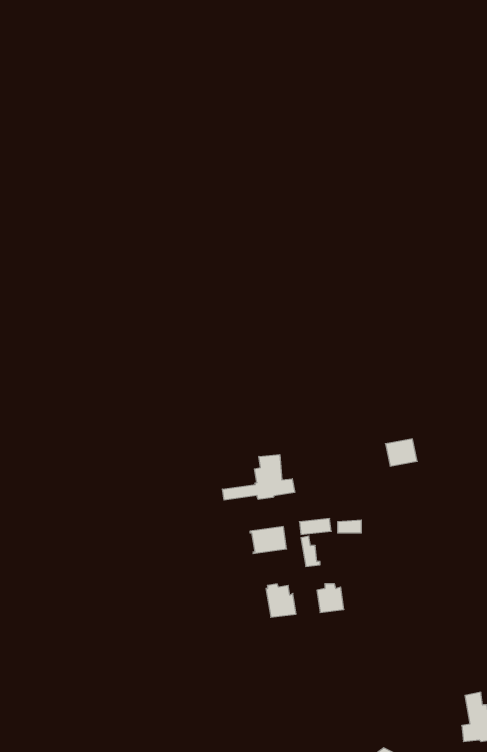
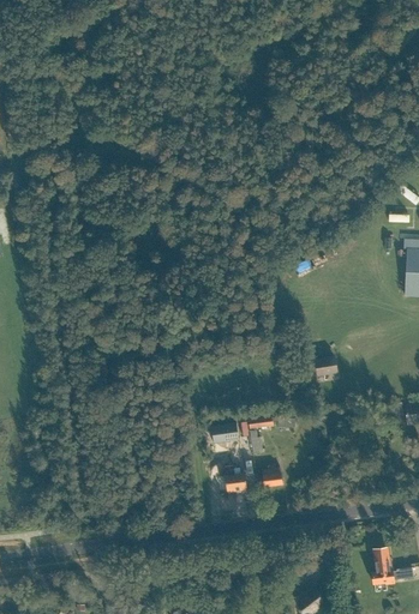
building: [222,455,295,500] -> none

